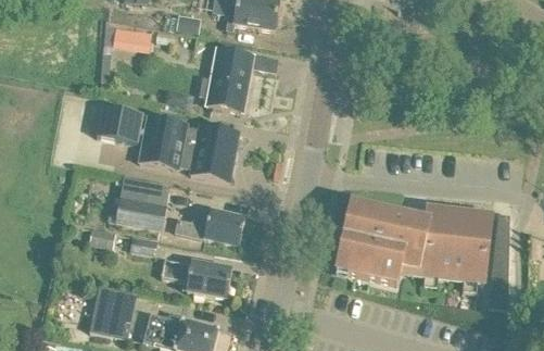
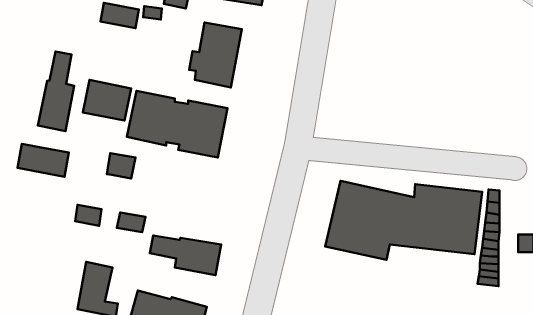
building: none -> [38,51,74,131]
building: [116,198,167,230] -> [17,144,69,177]
building: [176,206,244,245] -> none

